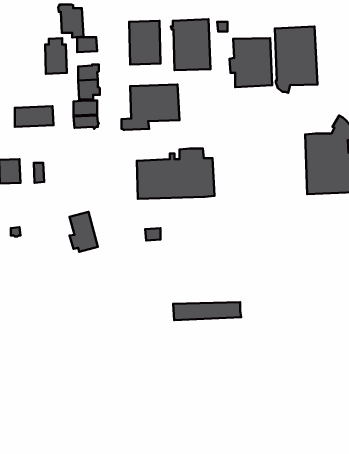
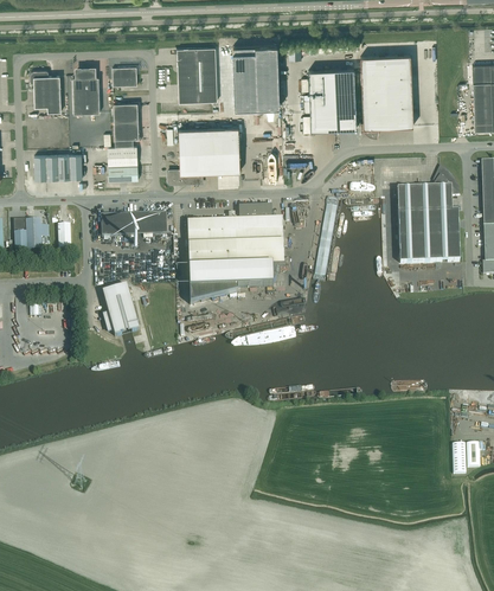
building: [58,4,84,37] -> [30,71,62,113]
building: none -> [101,213,167,240]
building: [173,302,241,320] -> [188,268,274,290]

